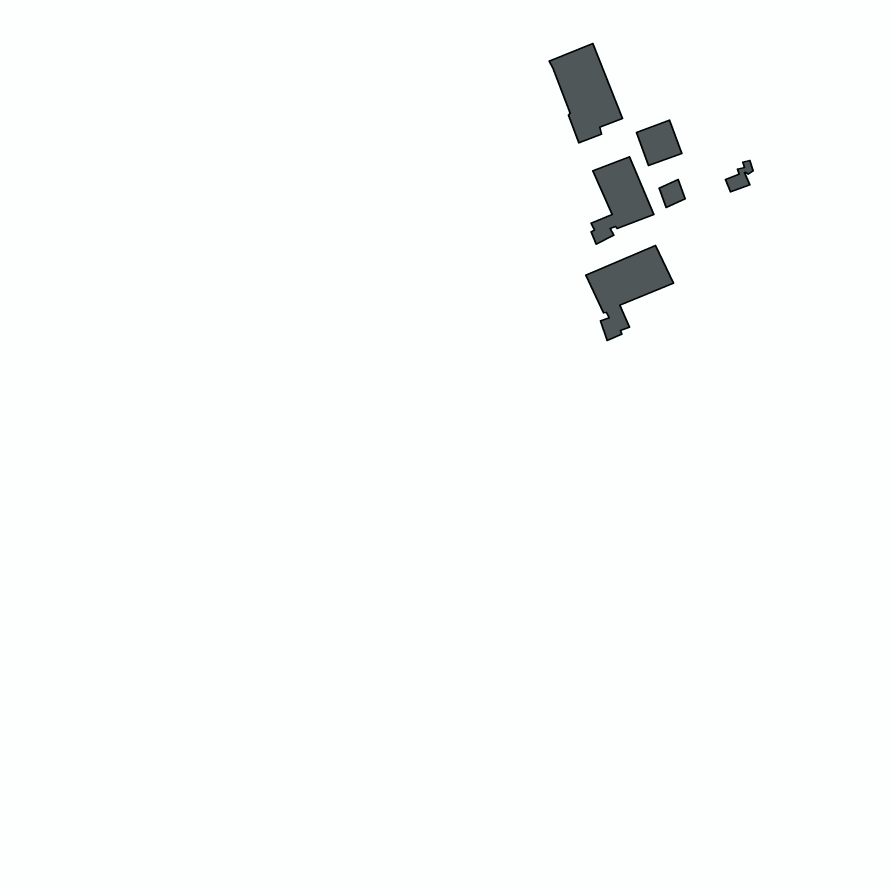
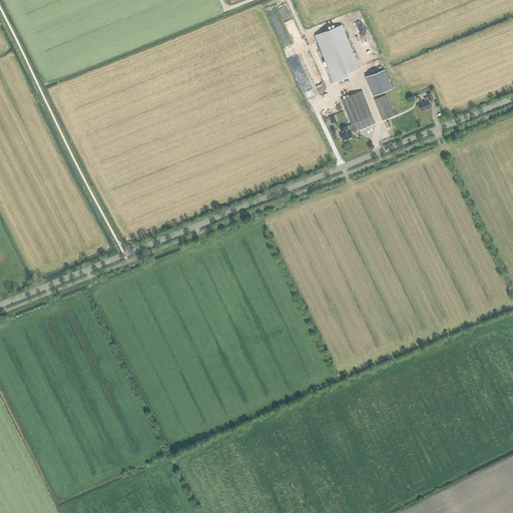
building: [586,246,673,341] -> none

